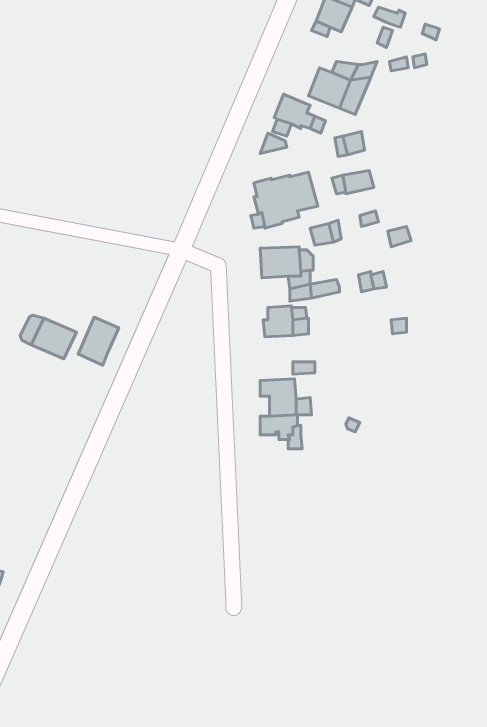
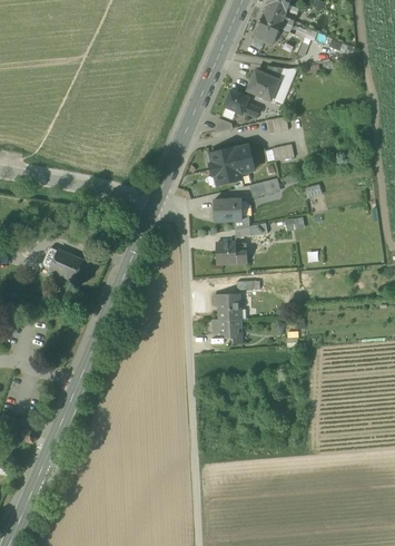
building: [78,317,119,365] -> none

